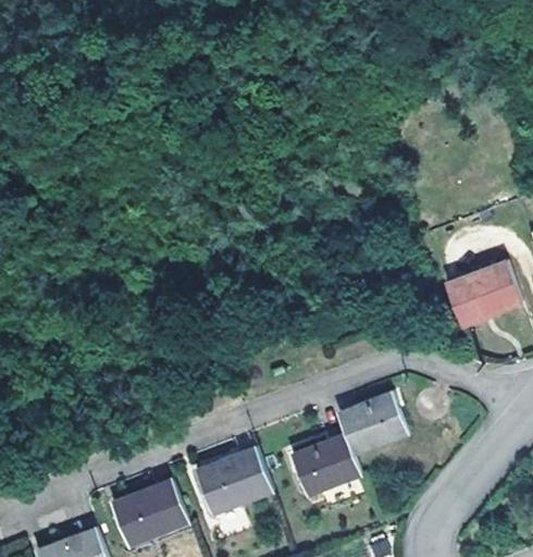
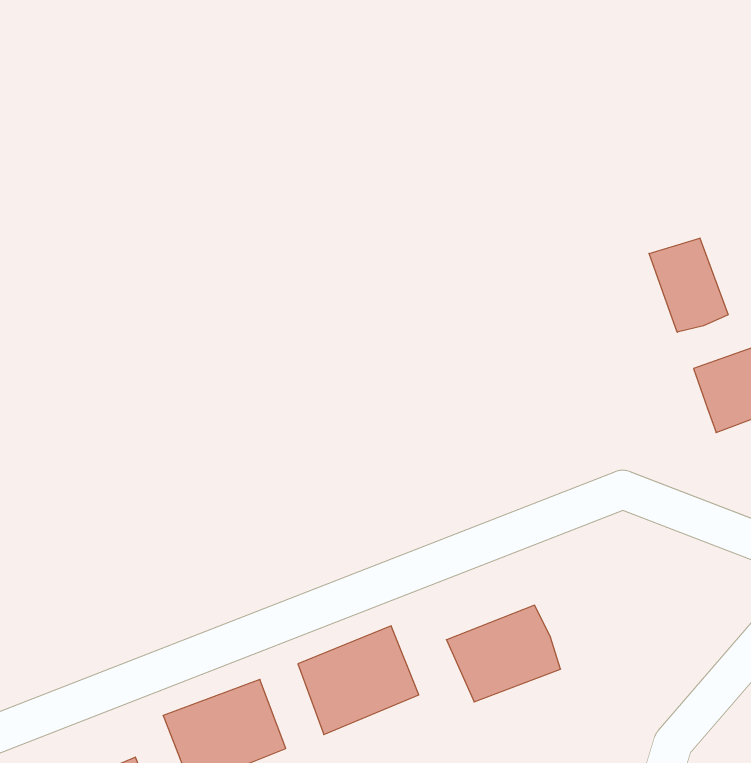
building: none -> [649,238,728,332]
building: [337,391,408,453] -> none

